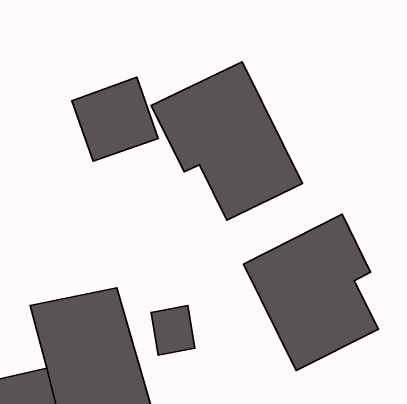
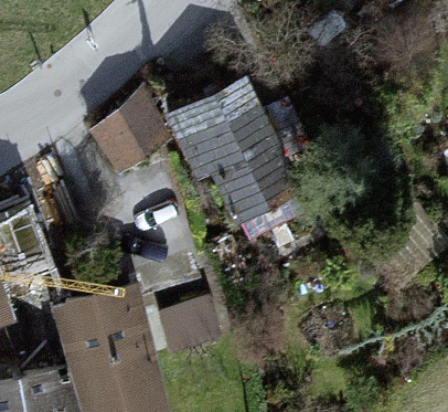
building: [244,214,378,371] -> none

